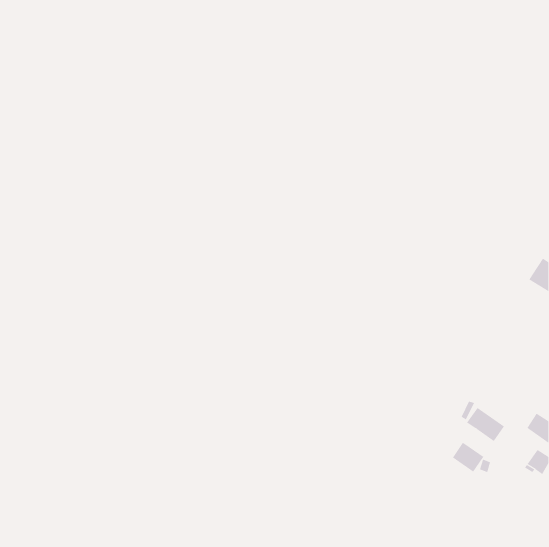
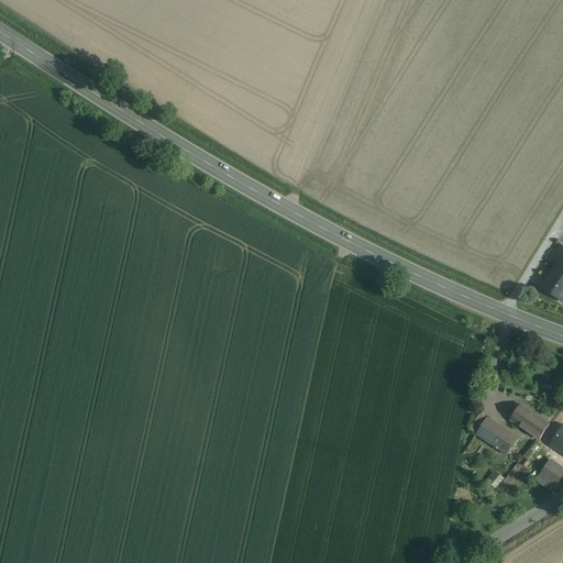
building: none -> [511,404,549,438]
building: [452,442,484,473] -> none

